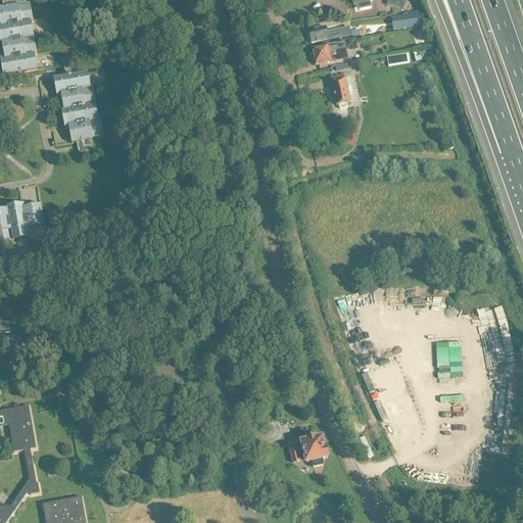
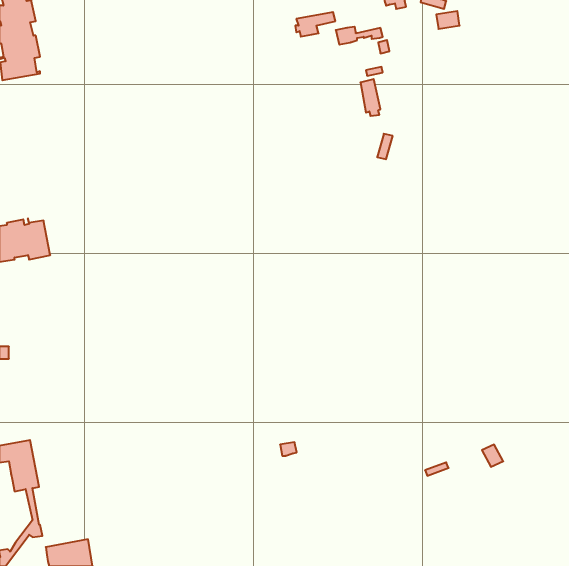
building: [310,40,346,62] -> [295,12,335,37]
building: [53,69,103,151] -> none
building: [288,435,327,465] -> none

